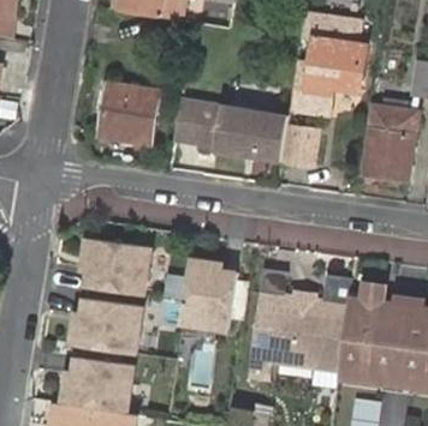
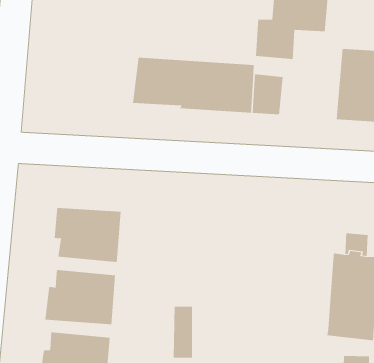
building: [99,83,160,145] -> none
building: [182,258,238,328] -> none
building: [248,293,350,372] -> none

